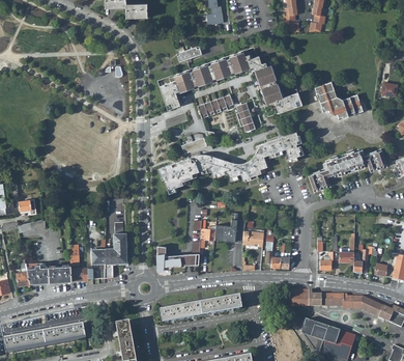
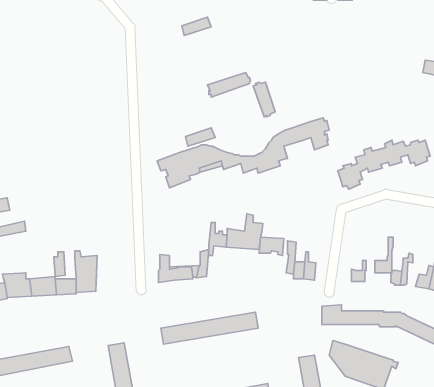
building: [160,51,300,112] -> none
building: [316,81,364,119] -> none
building: [105,222,126,278] -> none

